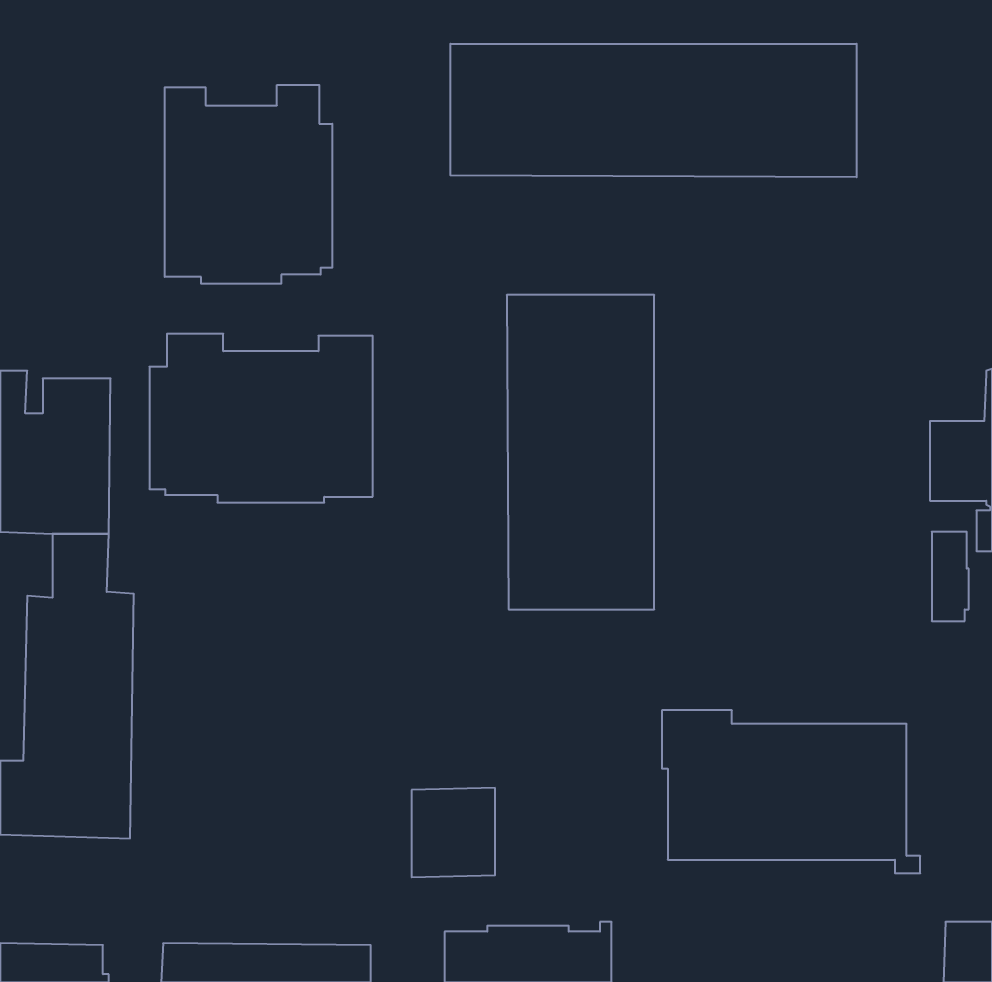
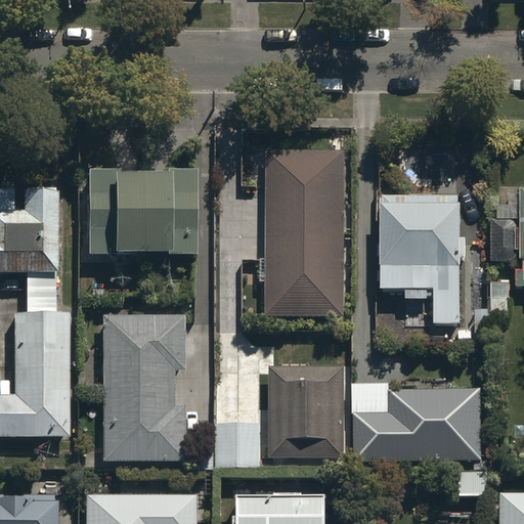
building: [450,44,857,177] -> none
building: [165,85,332,284] -> none
building: none -> [381,195,485,341]
building: none -> [101,318,186,466]
building: none -> [267,360,343,451]

